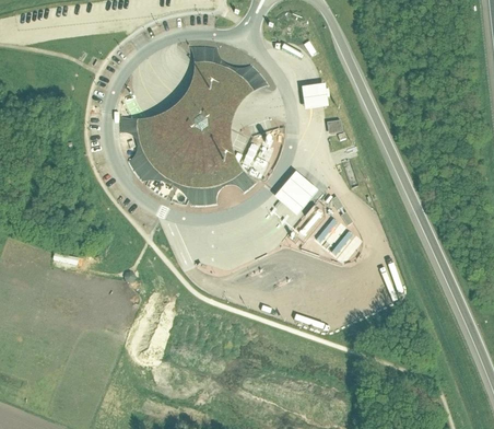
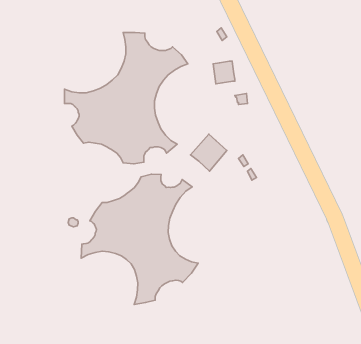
building: none -> [81,174,198,304]

